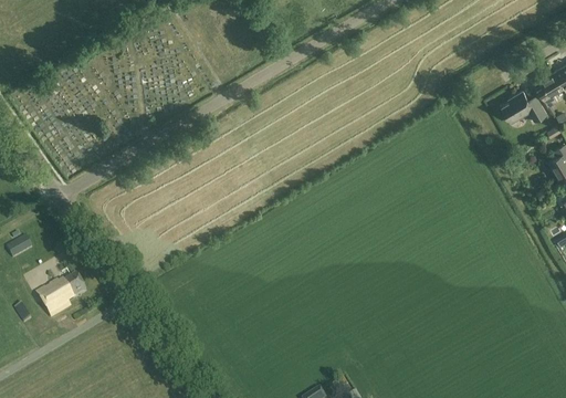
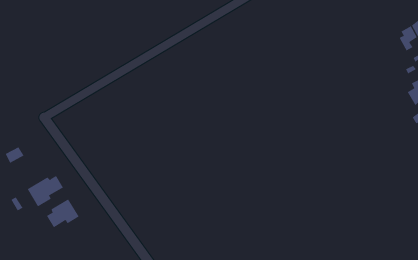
building: [503,90,547,122] -> none
building: none -> [46,198,79,228]

